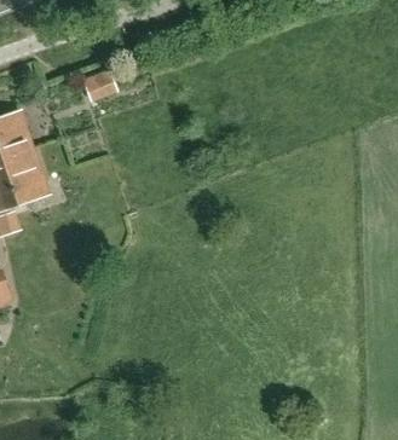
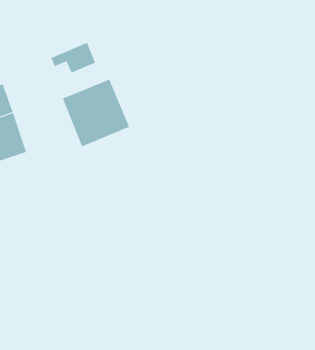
building: none -> [62,79,130,147]

